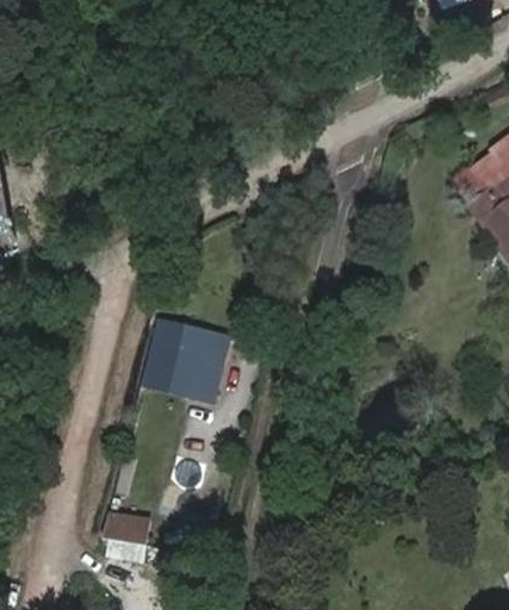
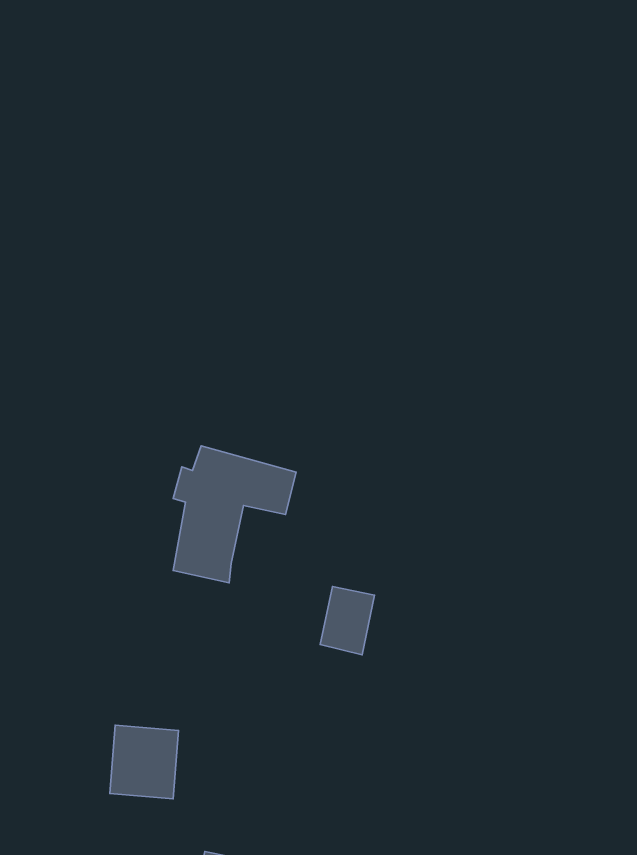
building: [187,357,224,404] -> [320,586,375,655]

